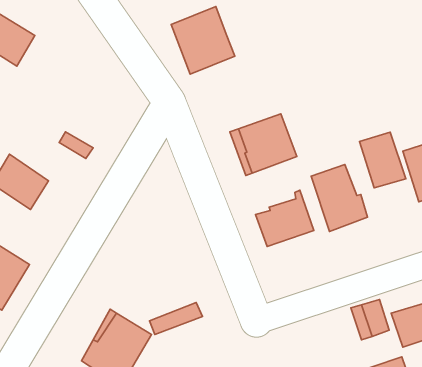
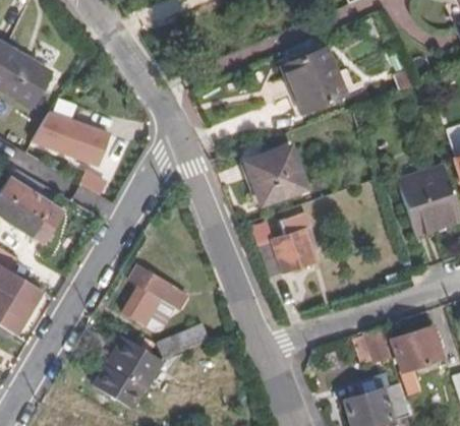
building: [171,6,235,74] -> [280,47,341,112]
building: none -> [53,112,118,164]
building: [359,132,406,188] -> none
building: [311,165,367,231] -> none
building: none -> [123,264,186,326]

